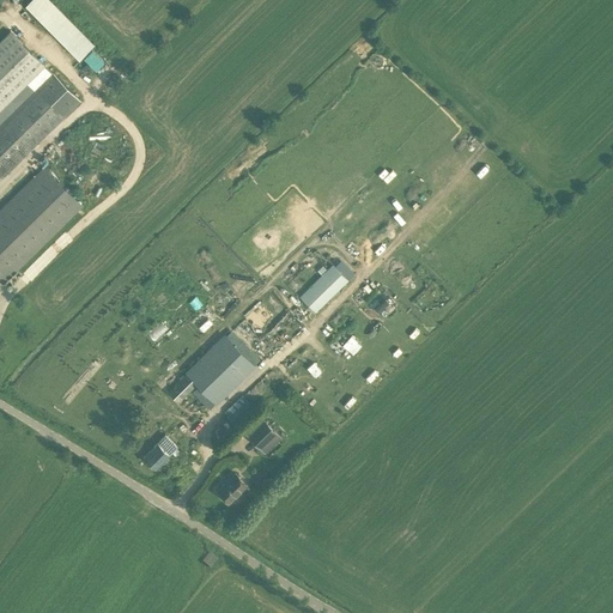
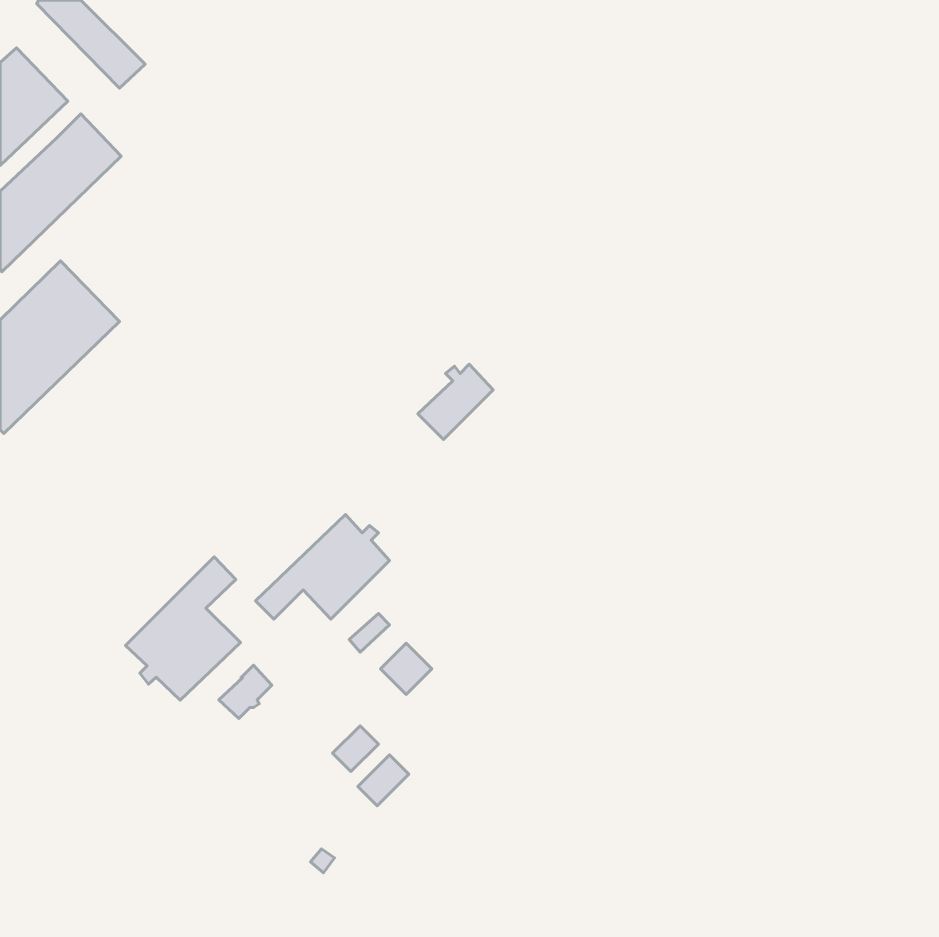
building: [299,265,348,314] -> [418,364,493,440]
building: none -> [125,557,241,700]
building: none -> [358,755,409,806]

